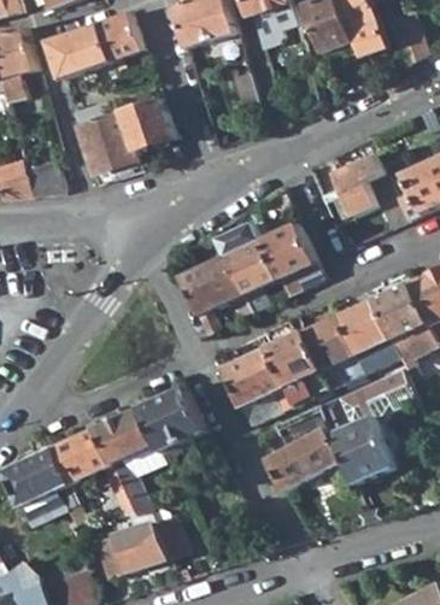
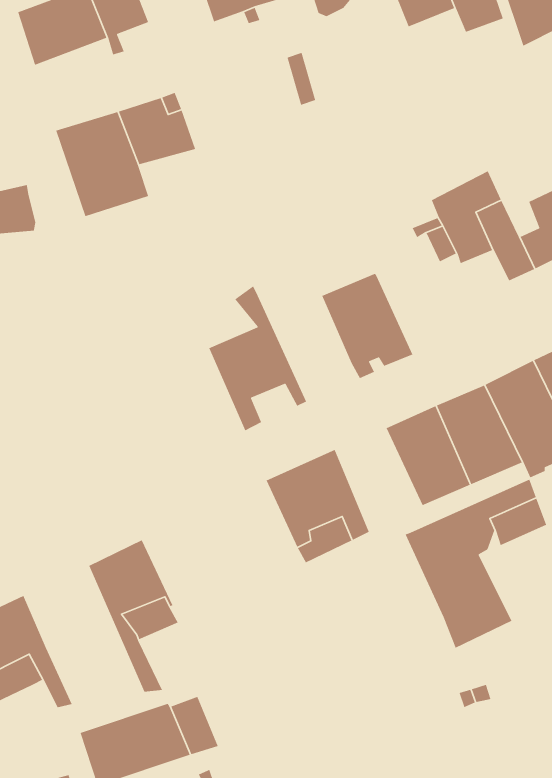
building: [216,223,280,312] -> none
building: [269,330,329,403] -> none
building: [135,384,205,453] -> none
building: [265,404,344,491] -> none
building: [53,425,136,515] -> none

